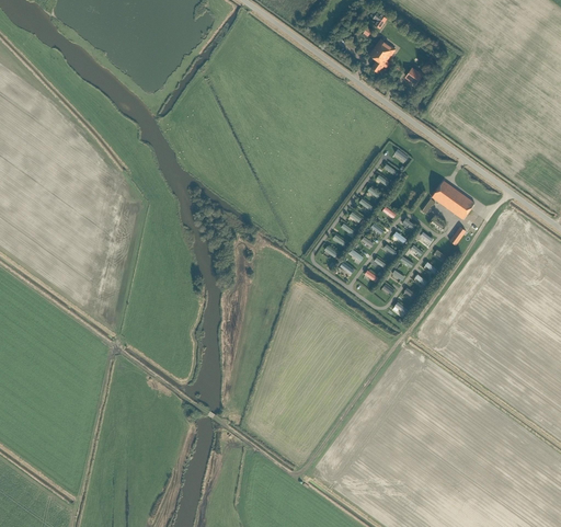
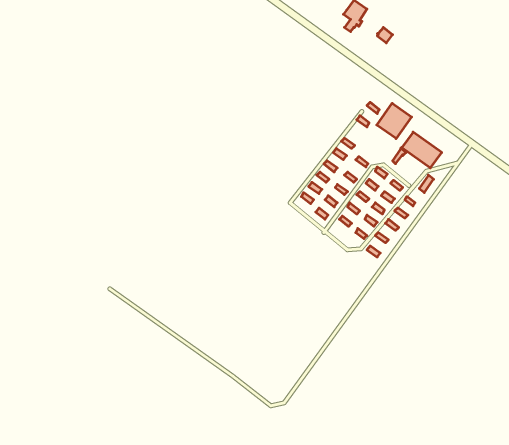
building: none -> [377,103,412,139]

